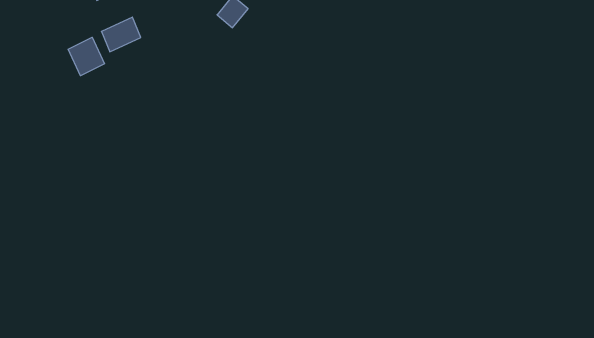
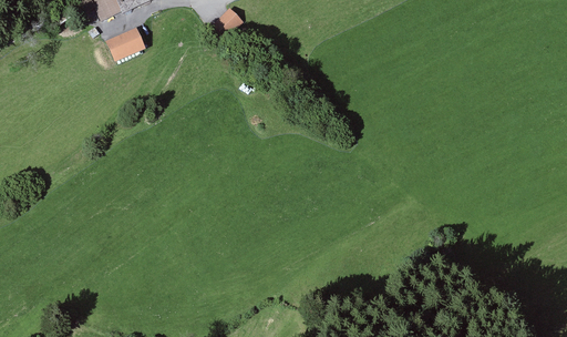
building: [68,37,105,76] -> none

